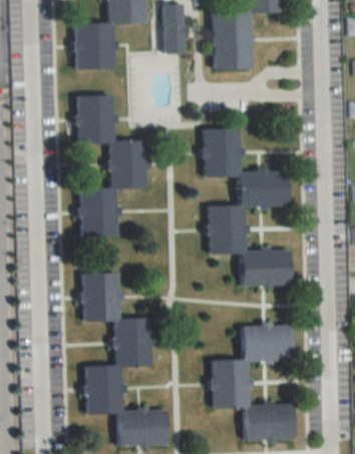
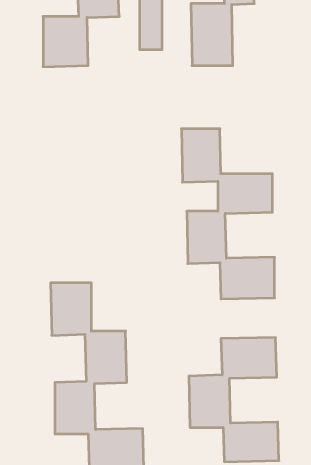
building: [78,95,147,236] -> none

